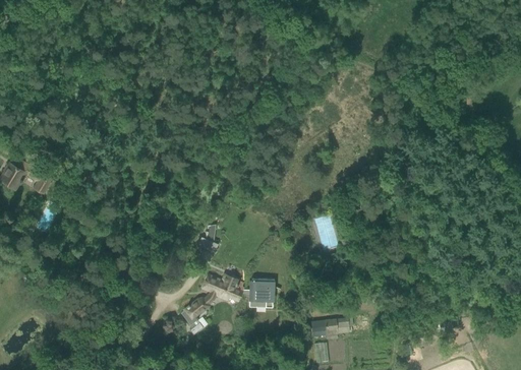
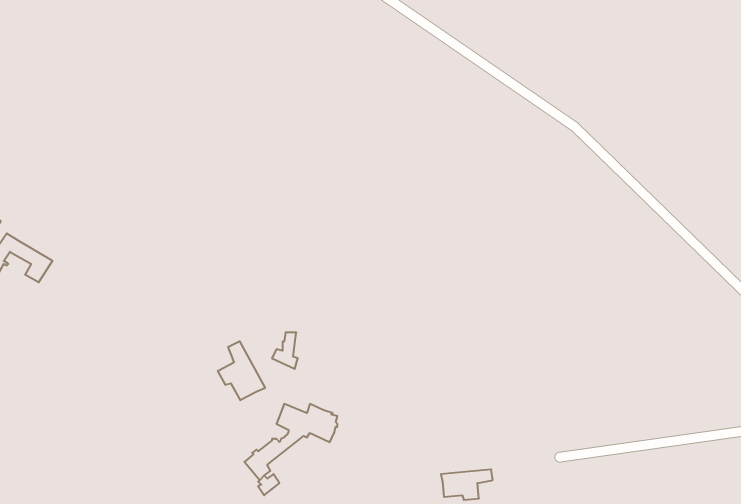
building: none -> [218,341,265,400]
building: [240,279,274,307] -> none

